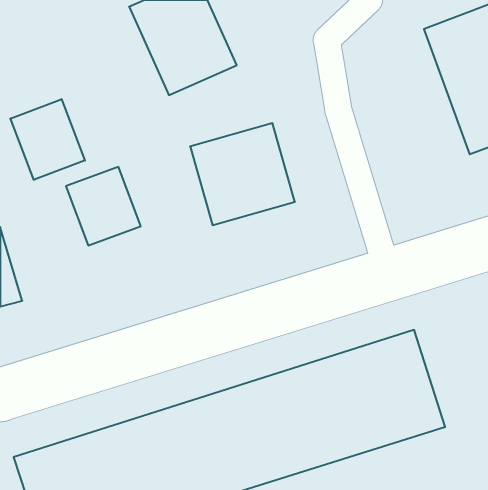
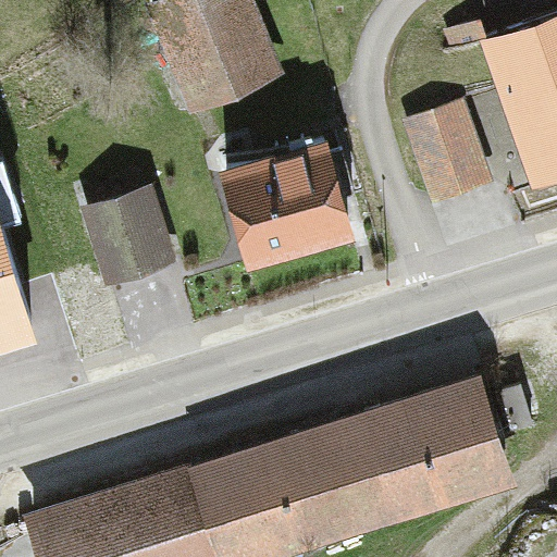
building: none -> [413,110,494,215]
building: [10,99,85,180] -> none

